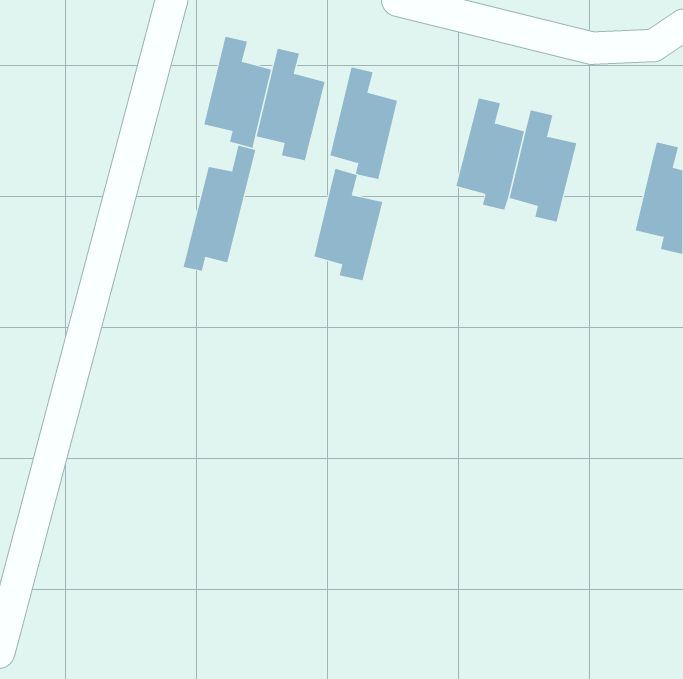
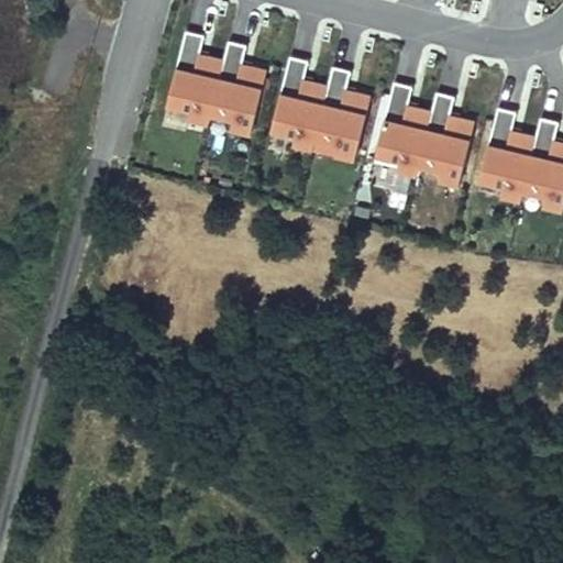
building: none -> [478,111,534,203]
building: [183,145,256,271] -> none
building: [314,168,383,281] -> [313,69,371,162]

